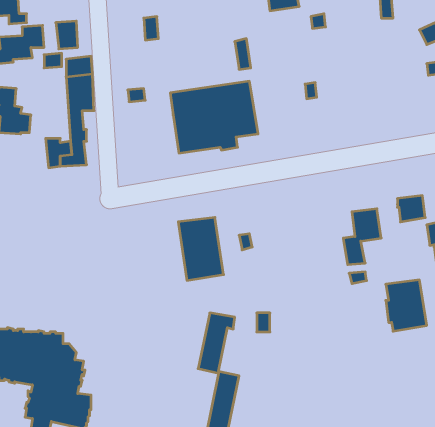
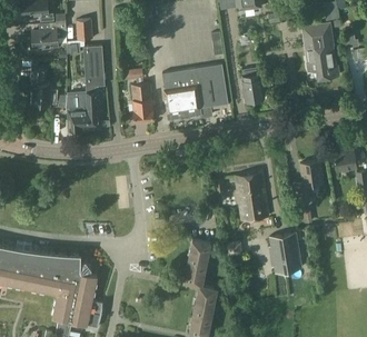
building: none -> [304,24,339,79]
building: none -> [241,68,264,103]
building: none -> [131,83,155,122]
building: [178,217,224,280] -> [235,174,269,221]
building: [386,280,427,331] -> [270,234,301,272]

